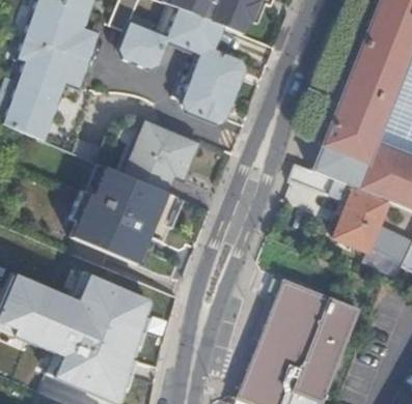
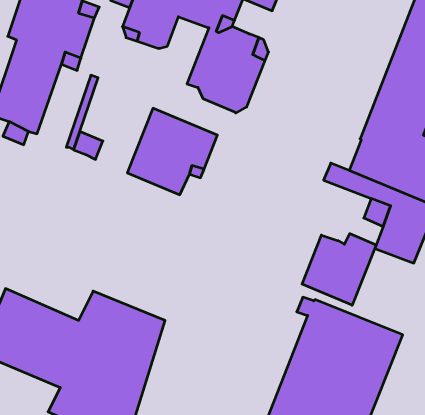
building: [74,167,168,265] -> none
building: none -> [302,234,376,305]

